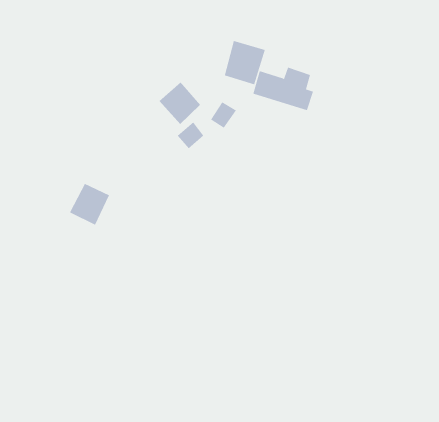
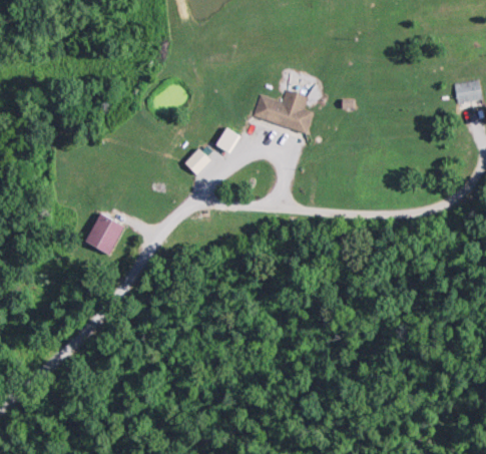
building: [224,40,265,85] -> none
building: [158,82,201,125] -> none

